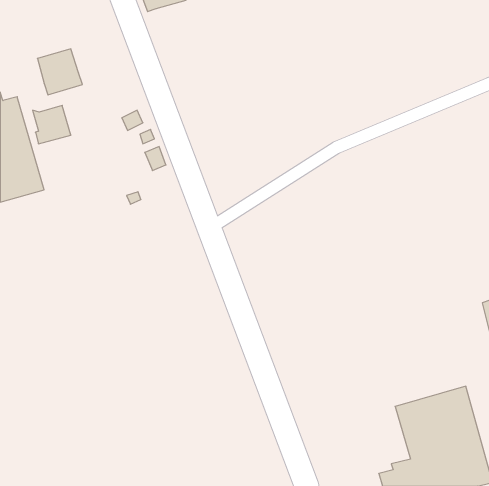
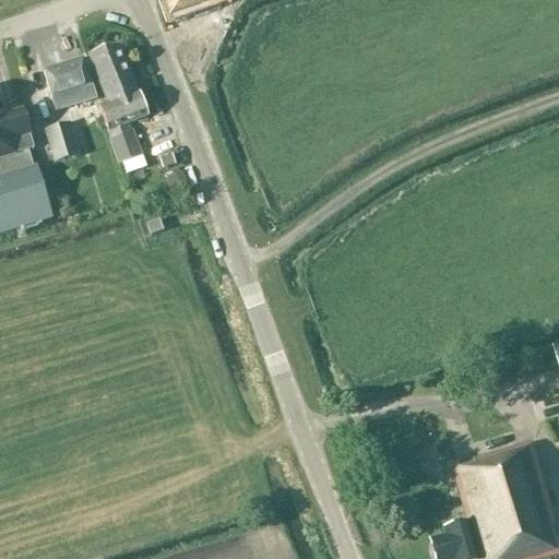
building: none -> [88,45,146,171]

